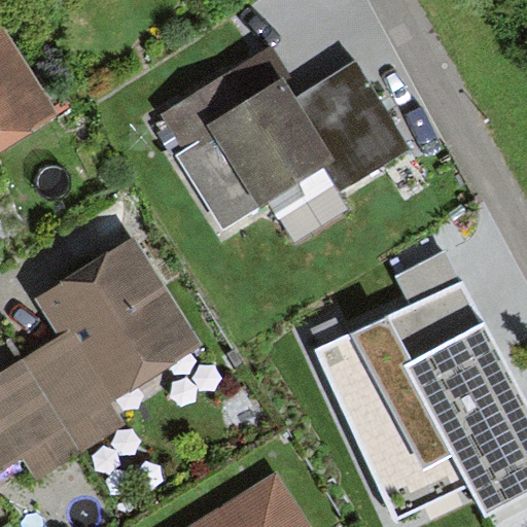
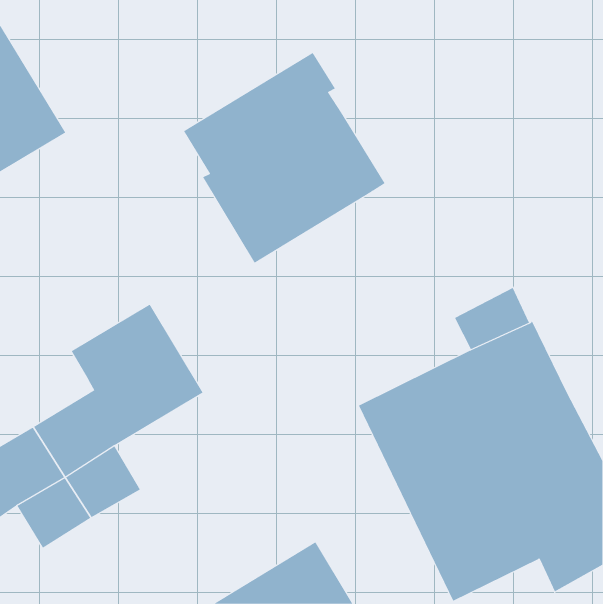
building: [297,62,409,189] -> none

